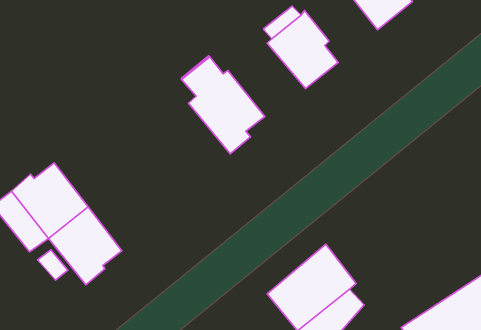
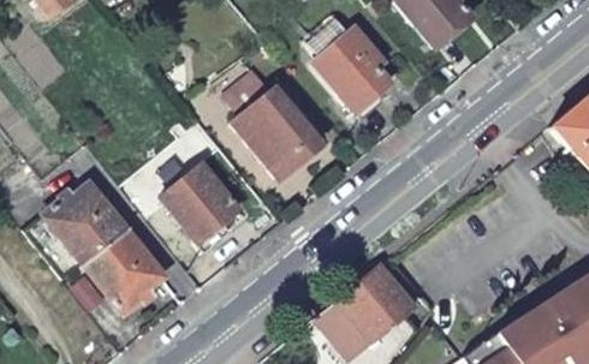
building: none -> [161,160,240,240]

